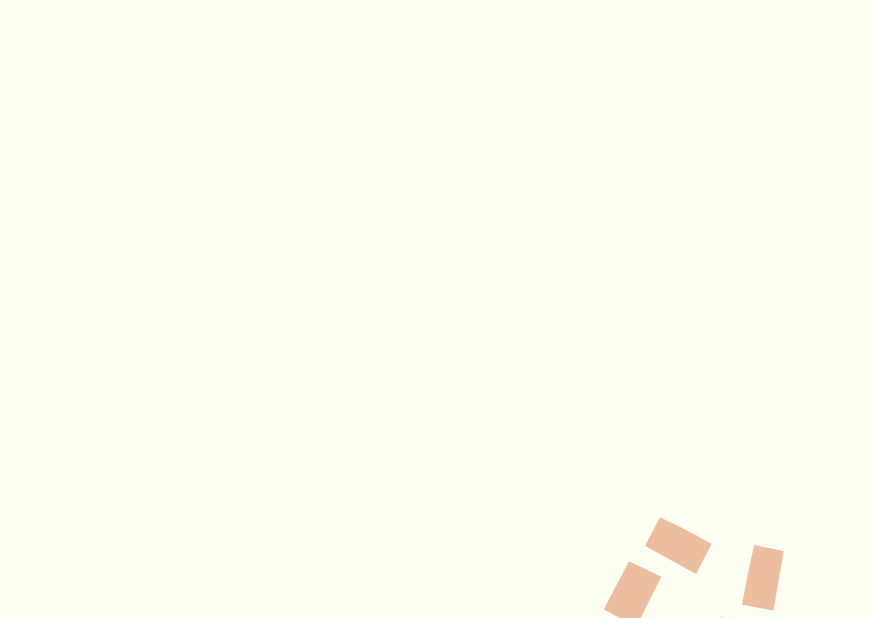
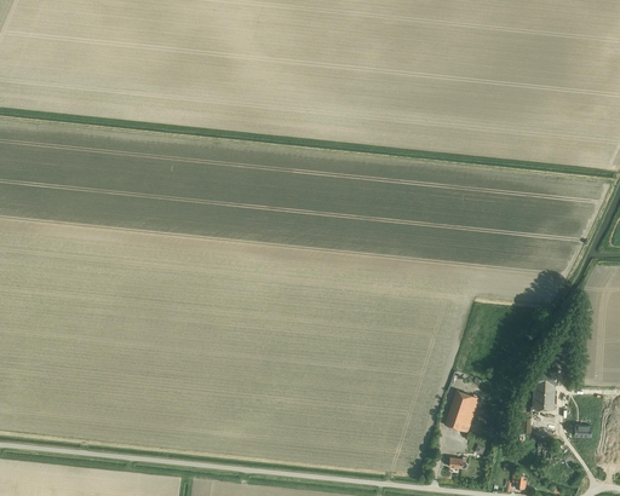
building: [644,516,712,575] -> none

